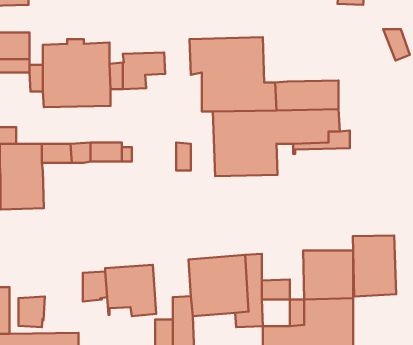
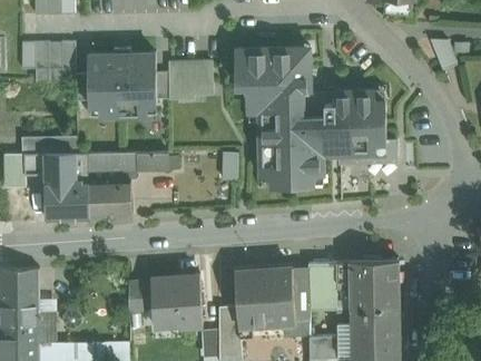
building: none -> [89,178,131,218]
building: [353,235,396,297] -> none
building: none -> [308,263,336,291]
building: [19,296,45,327] -> none

